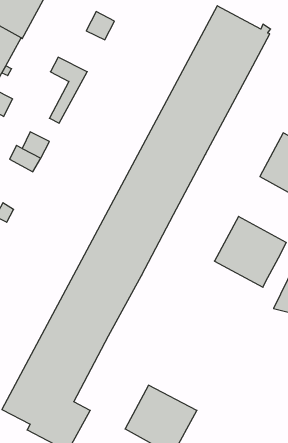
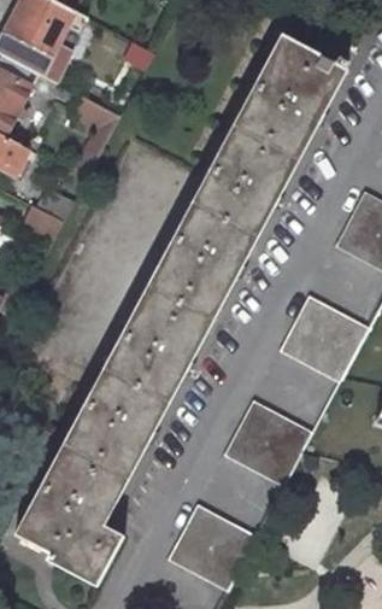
building: none -> [224,399,313,486]

